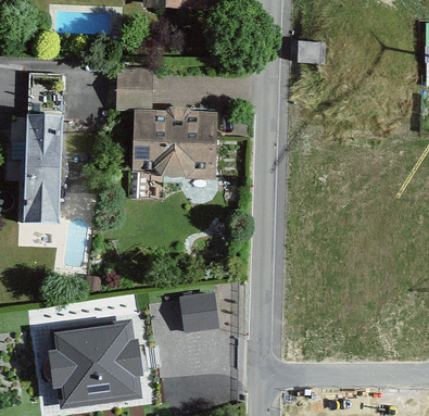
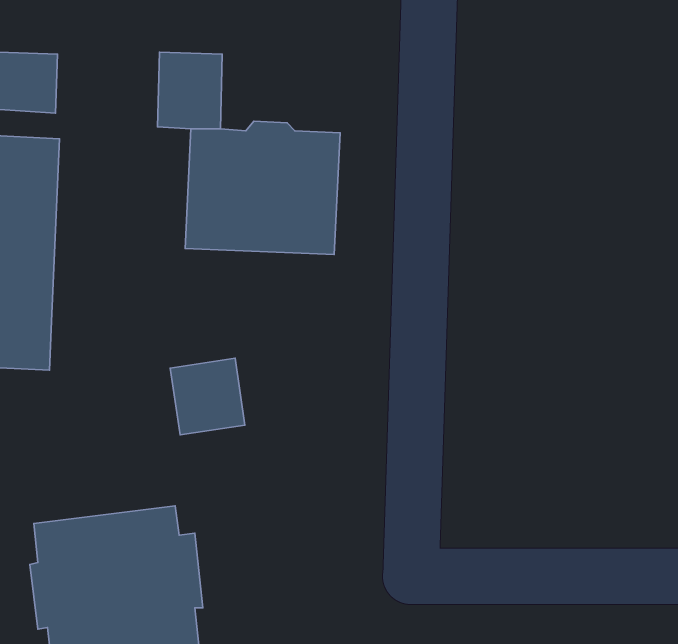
building: [178,288,219,330] -> [170,358,245,435]

